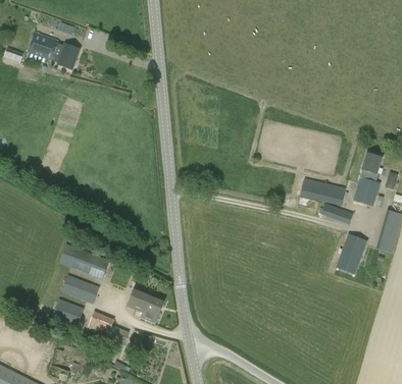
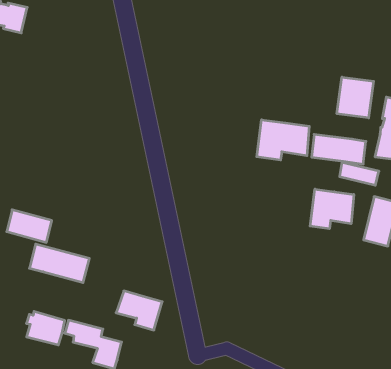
building: none -> [337,77,374,118]
building: none -> [257,120,309,160]
building: none -> [310,189,354,229]
building: [61,275,99,305] -> [7,210,52,242]

